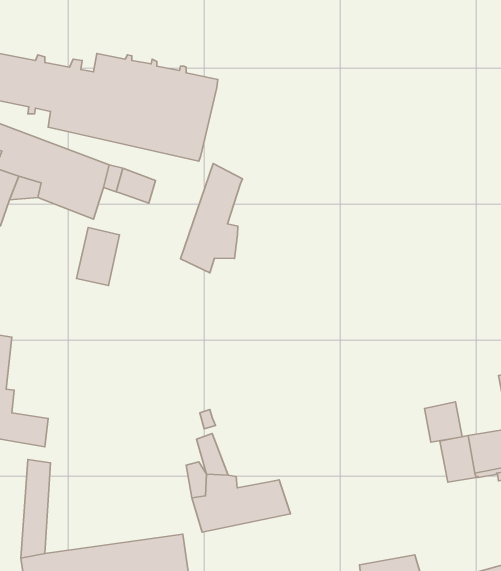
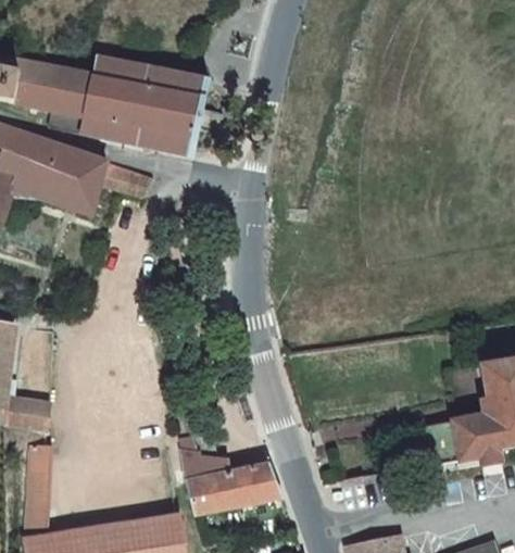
building: [180,164,242,273] -> none
building: [76,228,119,286] -> none
building: [425,402,462,442] -> none

